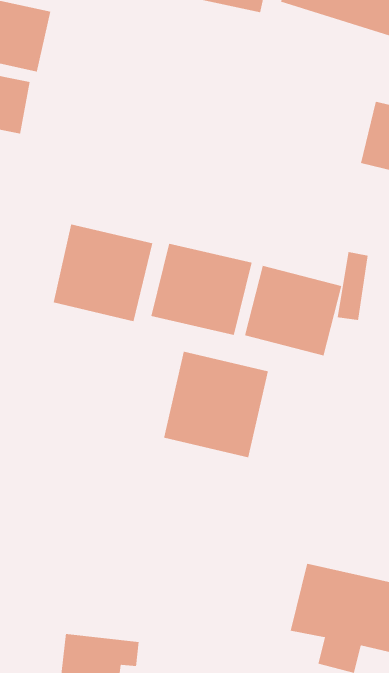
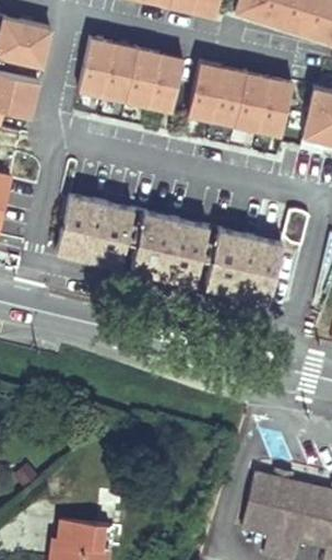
building: none -> [80,37,182,114]
building: none -> [189,65,295,142]
building: [163,351,269,458] -> none

